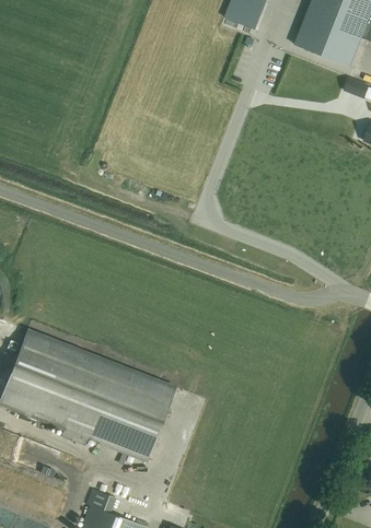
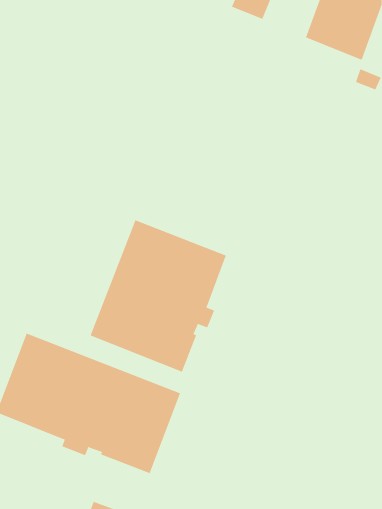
building: none -> [90,219,226,372]

